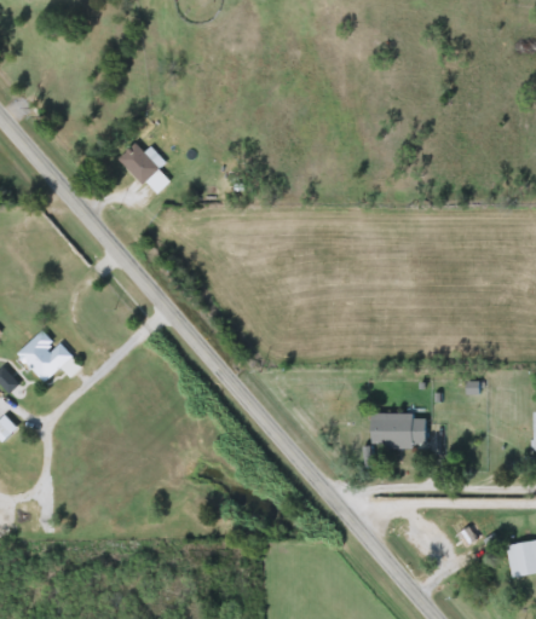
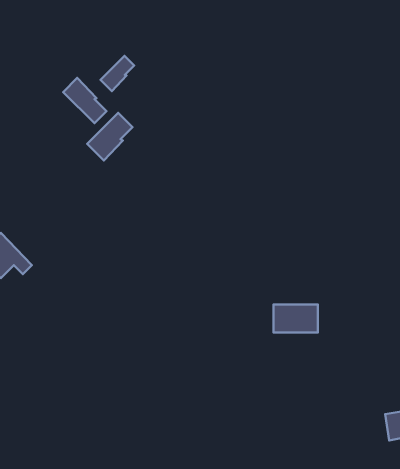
building: none -> [101,56,134,91]
building: none -> [87,113,132,161]

